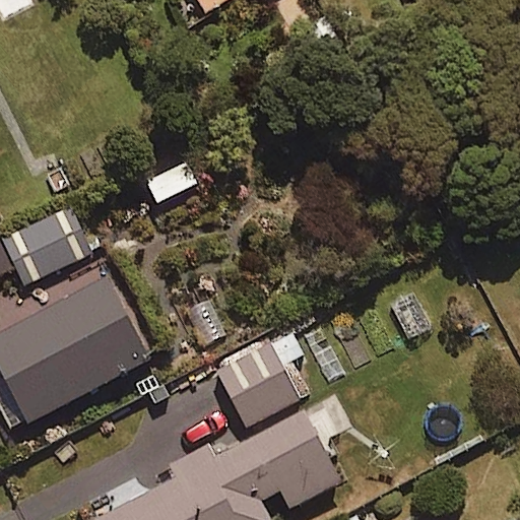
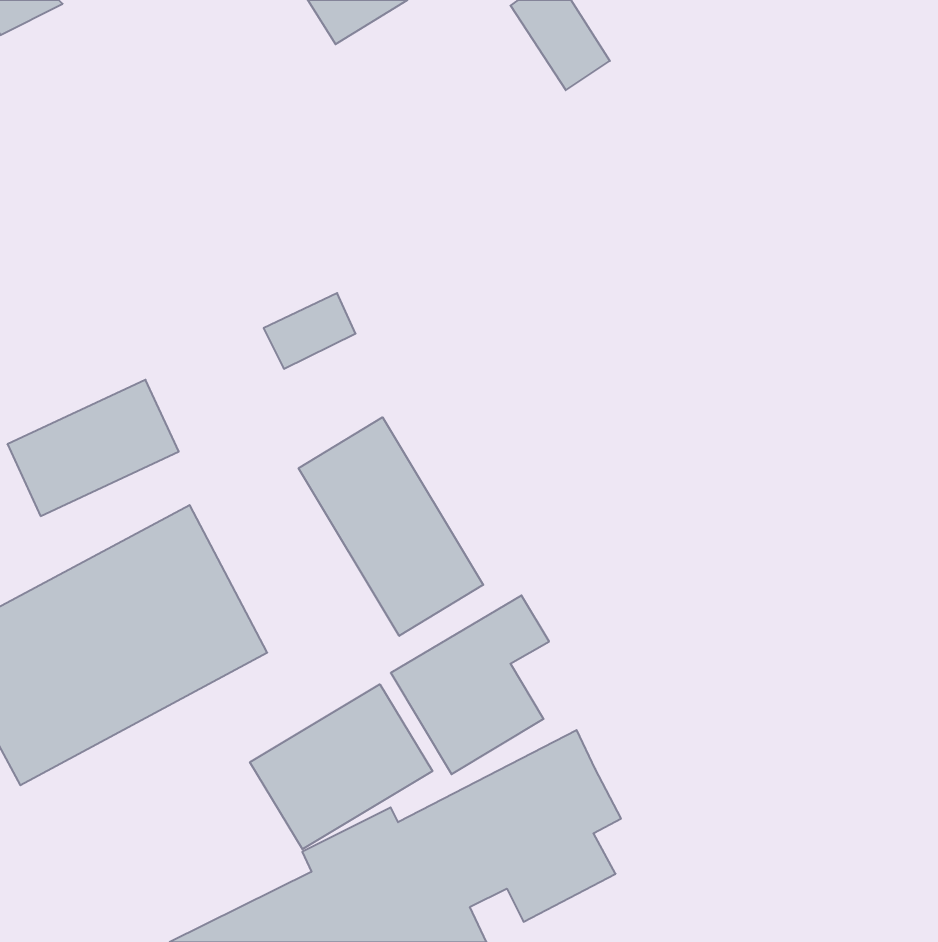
building: none -> [299,417,483,636]
building: none -> [250,684,432,849]

